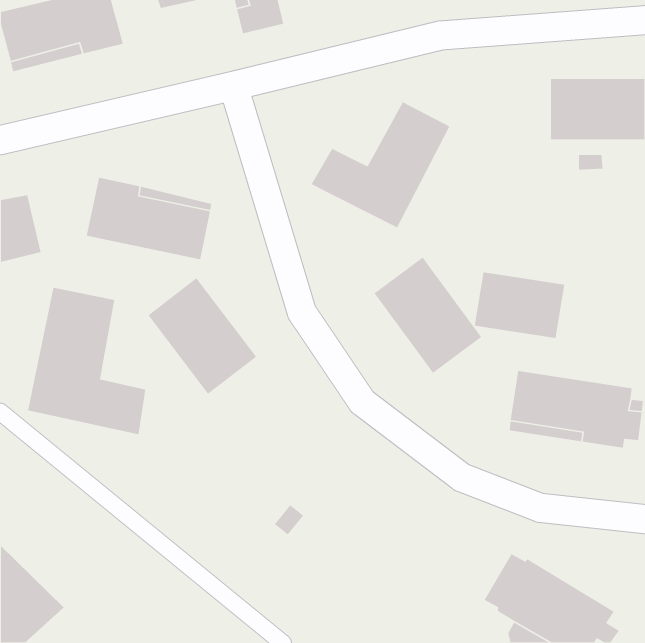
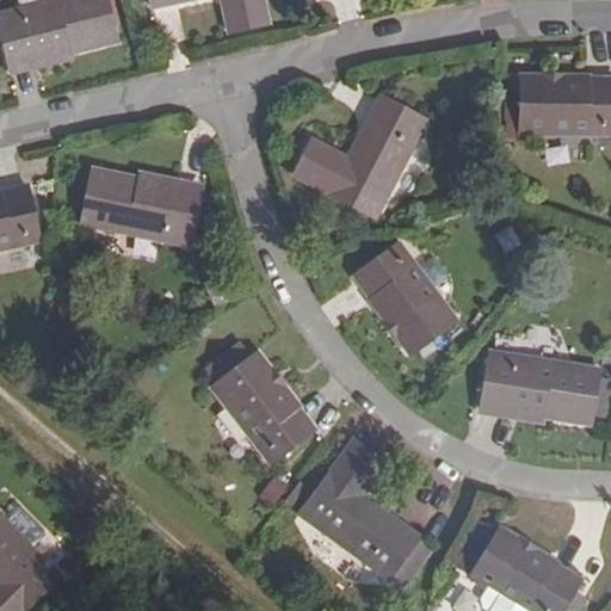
building: [474,271,565,339] -> none
building: [147,277,257,395] -> [211,352,315,463]
building: [27,287,146,435] -> none
building: none -> [300,440,419,579]

